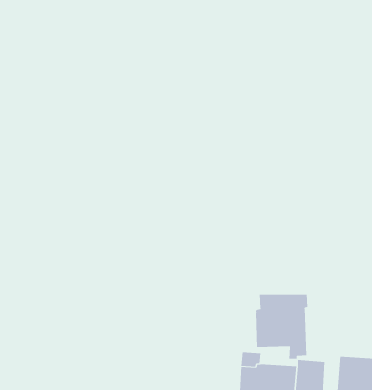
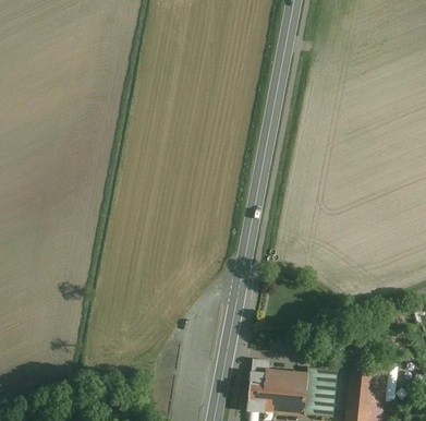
building: [256,294,308,360] -> none

